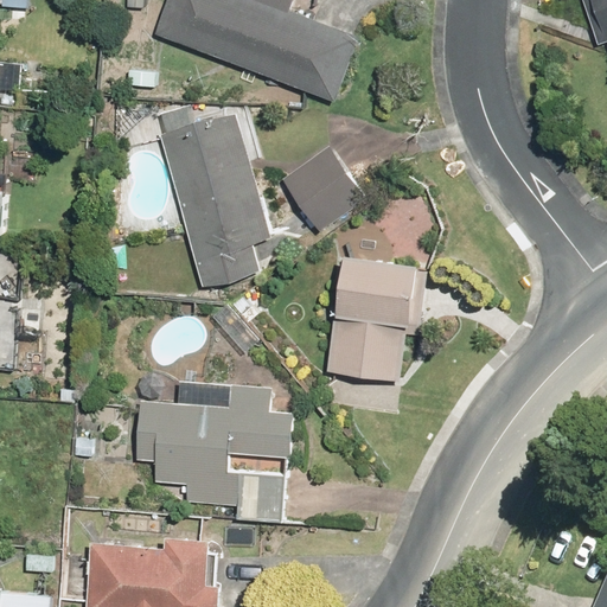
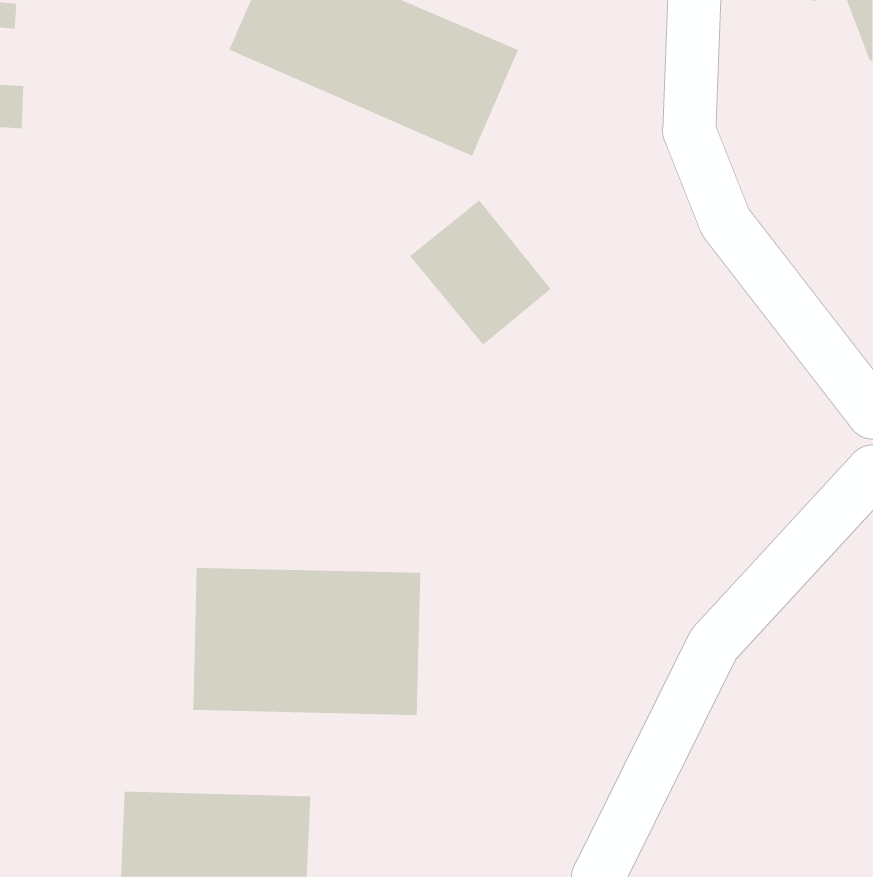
building: [142,98,288,288] -> none
building: [330,258,421,385] -> none

